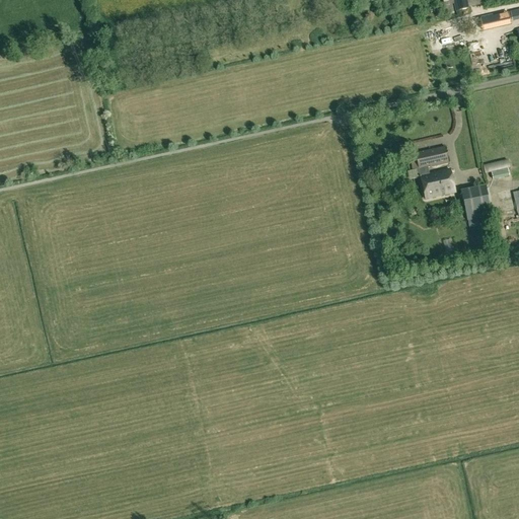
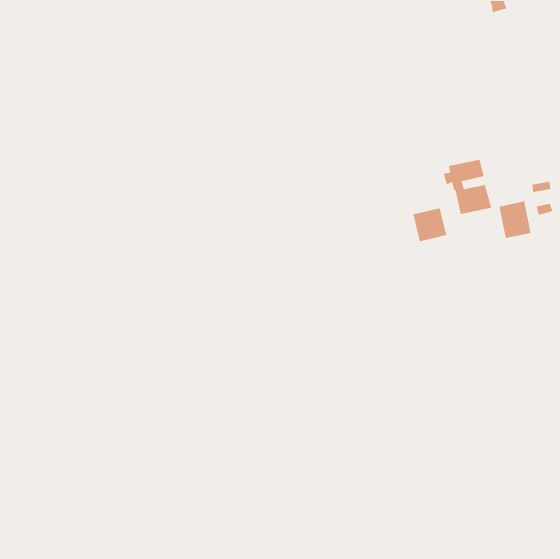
building: none -> [412,207,447,242]

